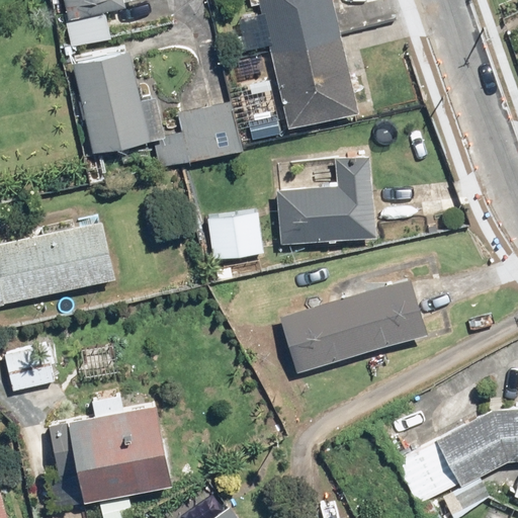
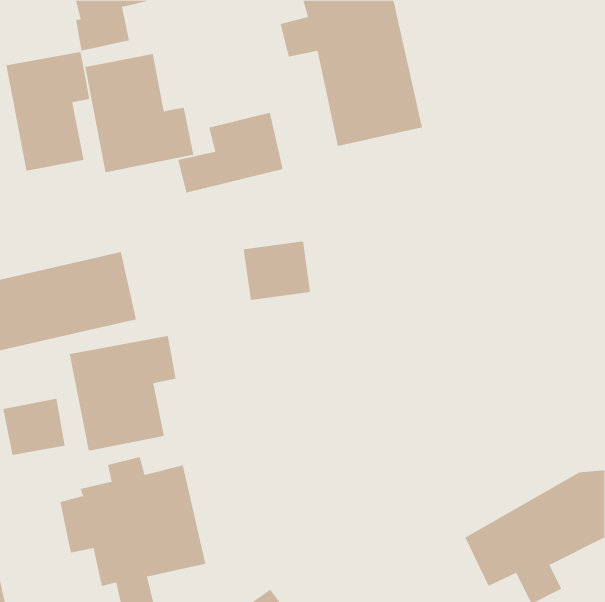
building: none -> [6,51,90,172]
building: [276,153,375,244] -> none
building: [279,278,427,371] -> none
building: none -> [69,335,176,451]

